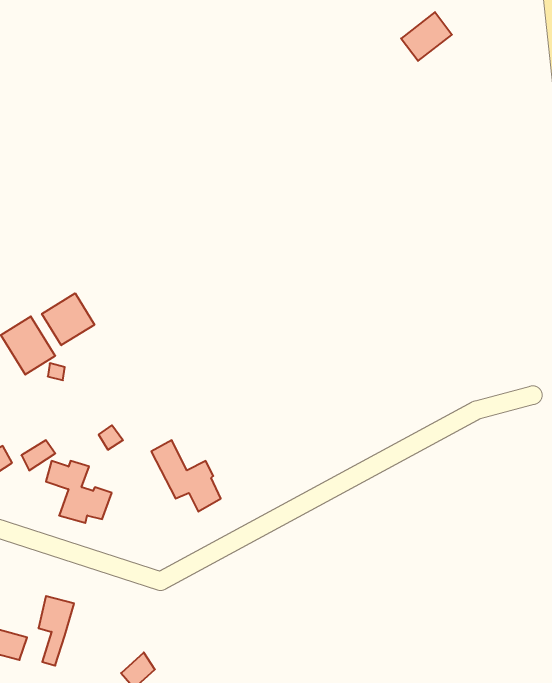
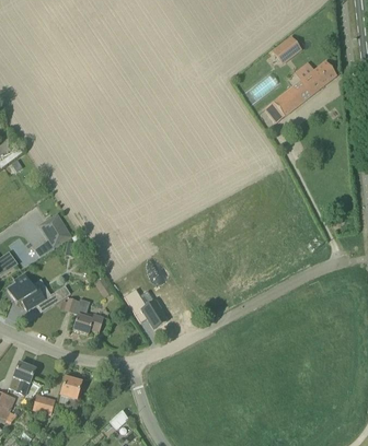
building: none -> [266,61,337,122]
building: [42,293,94,345] -> none

